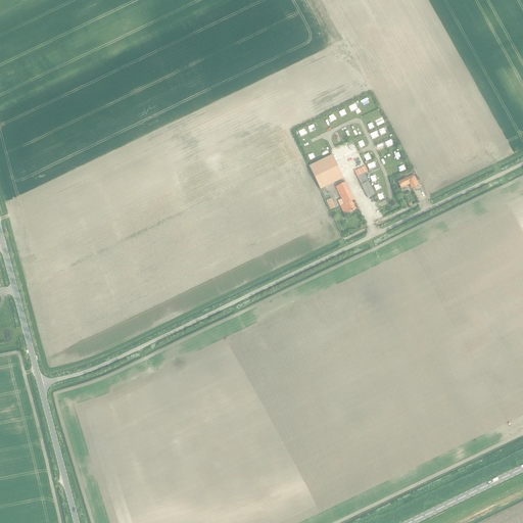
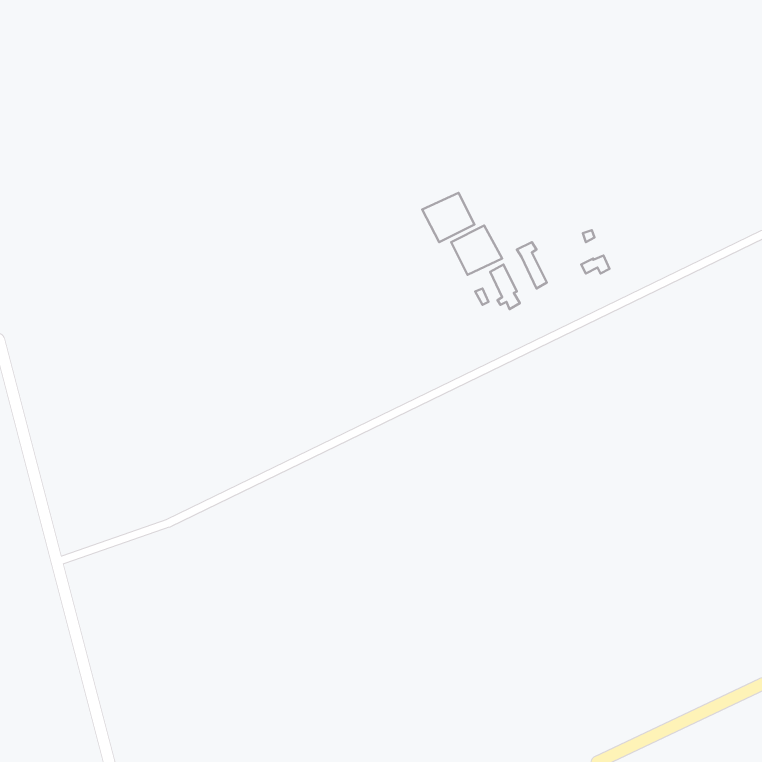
building: none -> [422,193,474,242]

